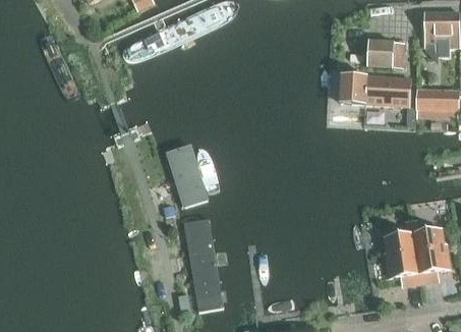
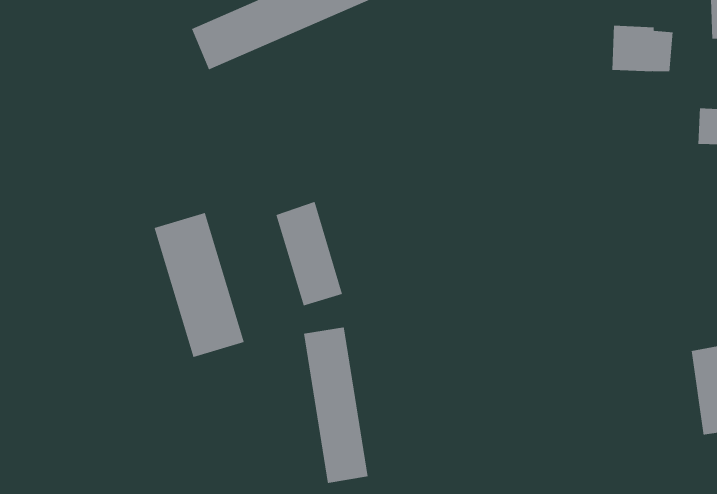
building: [341,75,411,106] -> none
building: none -> [154,212,244,358]
building: [385,232,420,284] -> none

